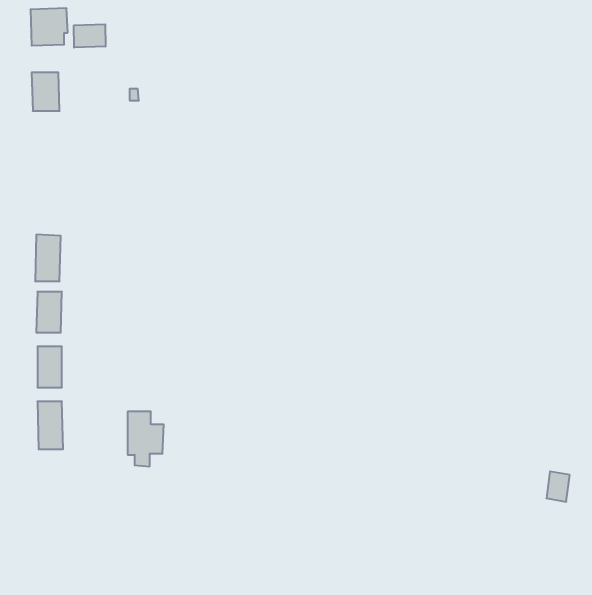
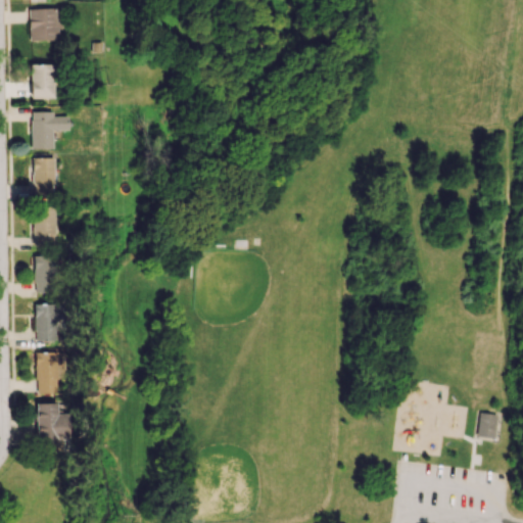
building: [74,24,105,48] -> none
building: none -> [33,112,70,149]
building: none -> [35,158,56,194]
building: [128,412,164,466] -> [38,403,69,451]

